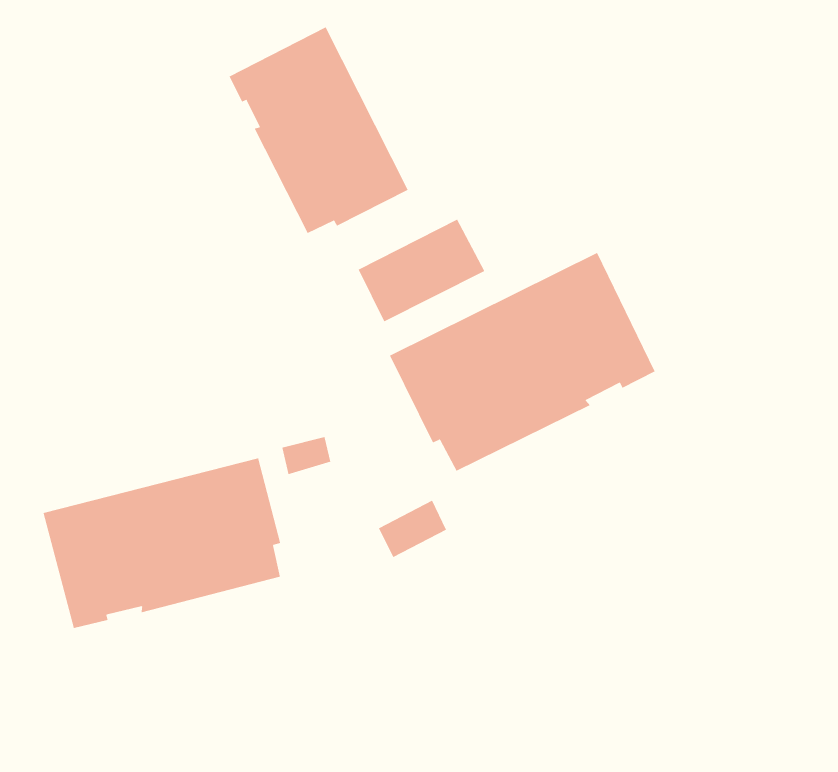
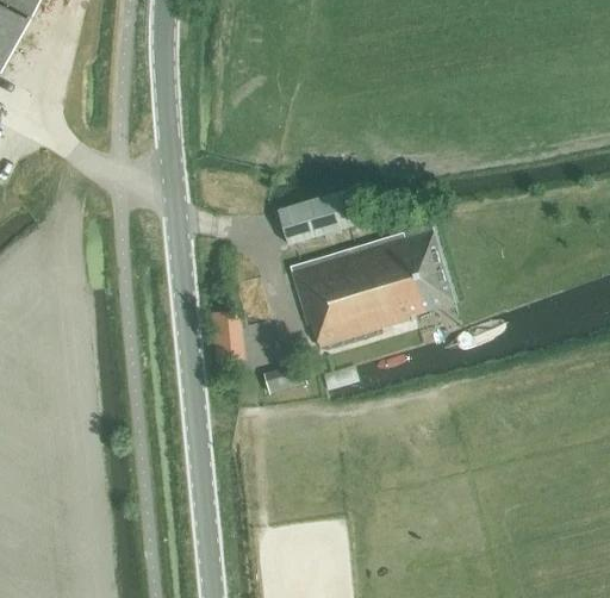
building: [229,26,408,234] -> none
building: [43,458,281,629] -> none

